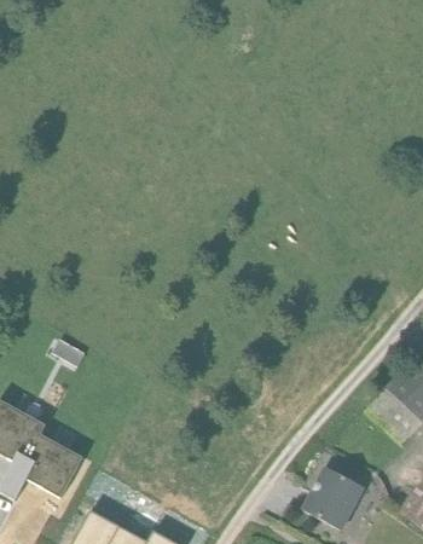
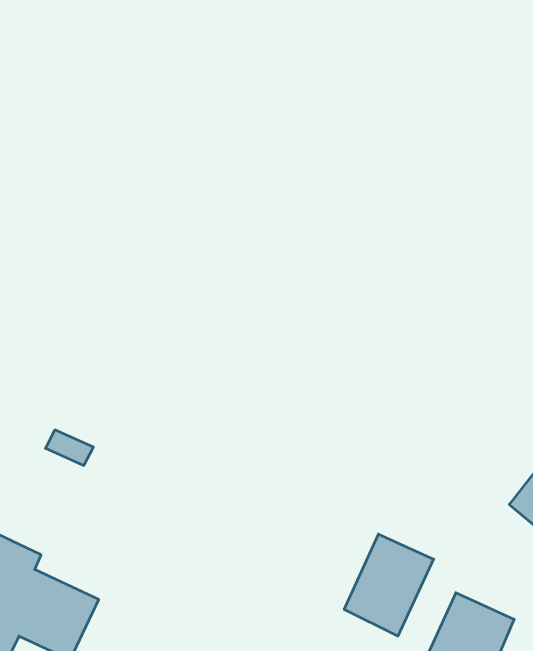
building: none -> [344,534,434,636]

